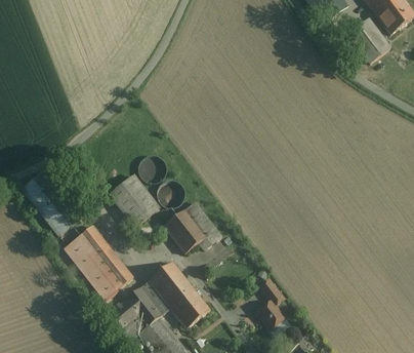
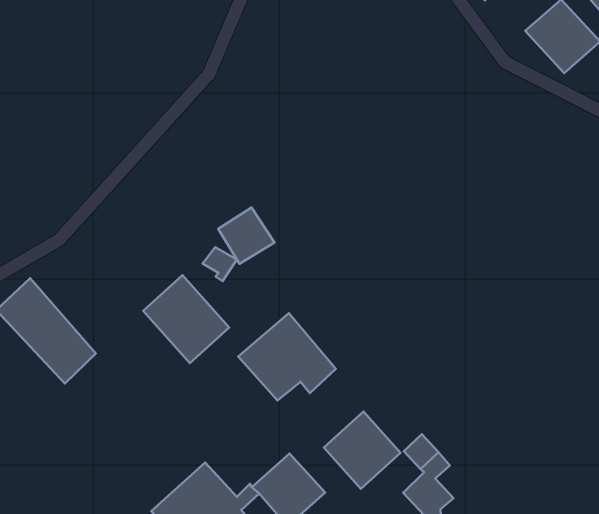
building: [154,175,187,208] -> [218,208,274,264]
building: [64,225,132,300] -> none
building: [148,261,190,303] -> none
building: none -> [324,412,400,489]

